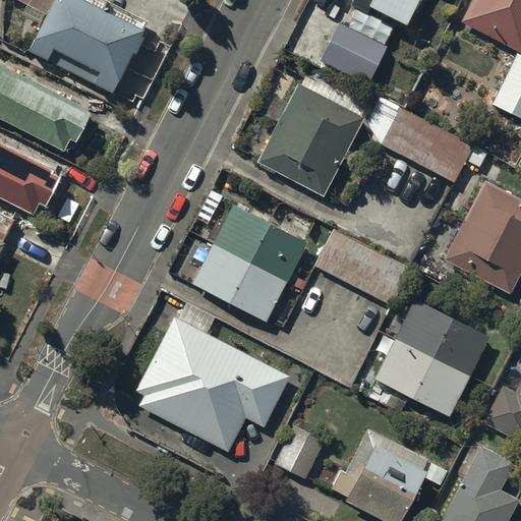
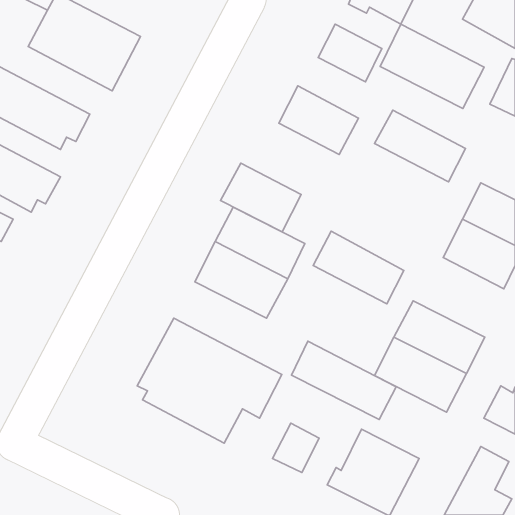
building: none -> [380,24,484,108]
building: [260,124,342,193] -> [220,163,301,232]
building: none -> [292,341,396,420]

